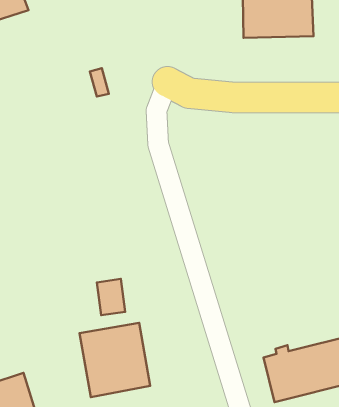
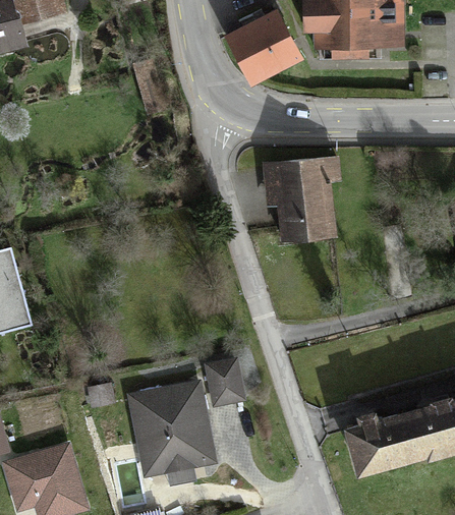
building: none -> [227,8,298,83]
building: none -> [260,158,337,238]
building: [97,279,125,315] -> [208,364,241,407]

